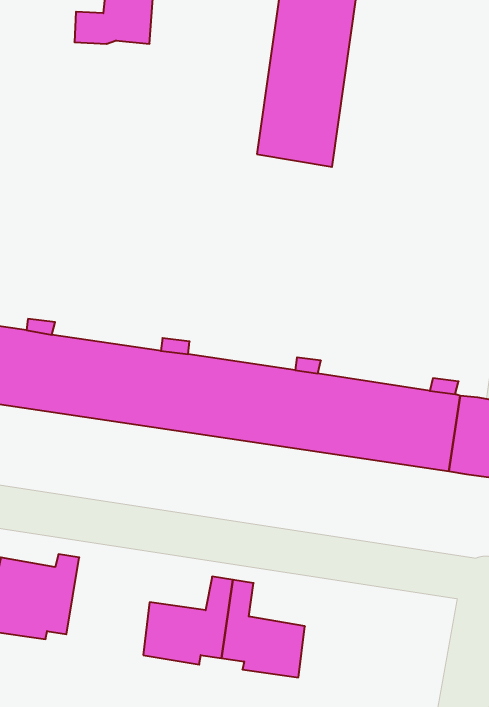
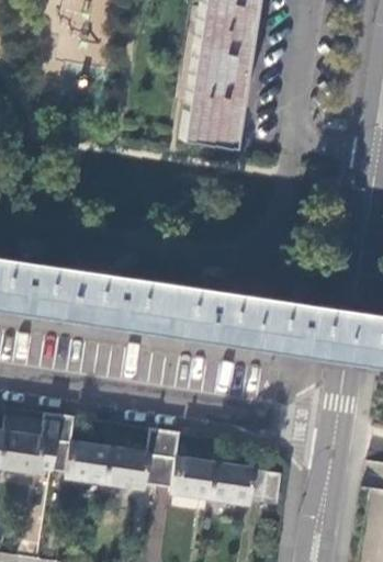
building: none -> [55,417,112,484]
building: none -> [214,464,285,505]

